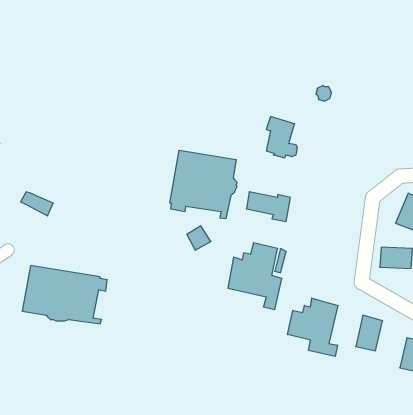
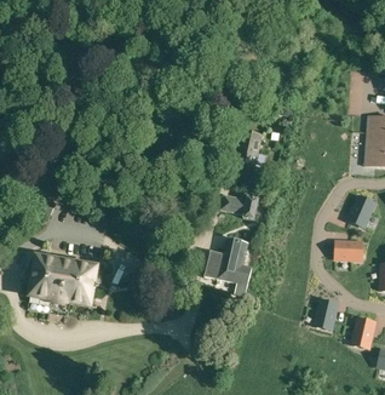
building: [170,150,237,219] -> none
building: [288,298,338,356] -> none

